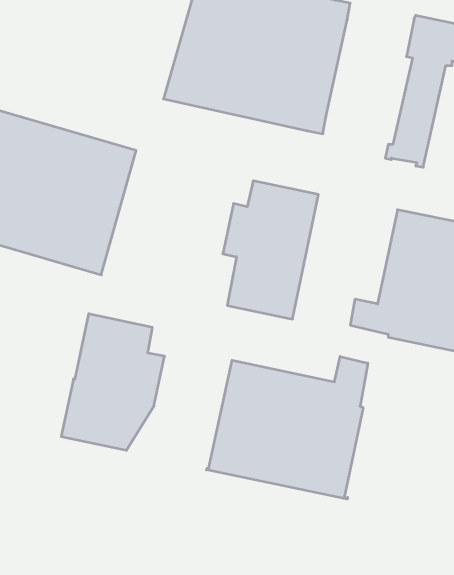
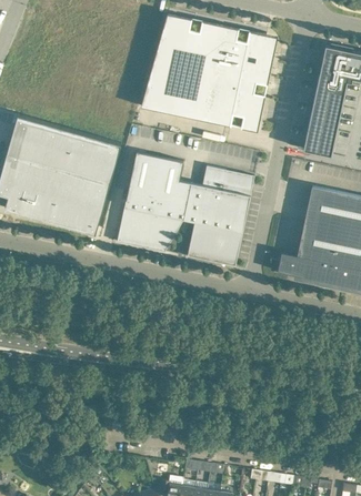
building: [61,314,165,450] -> [116,152,191,252]
building: [206,356,368,499] -> none

